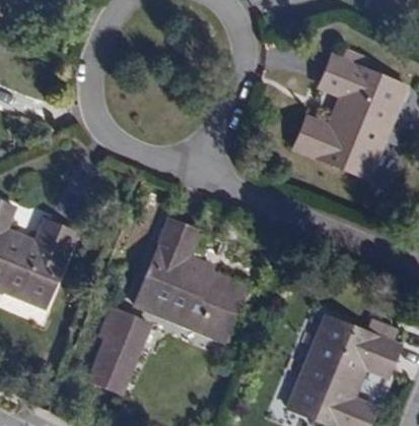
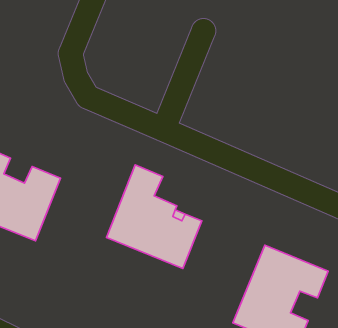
building: [292,53,409,180] -> none
building: [86,306,151,395] -> none

